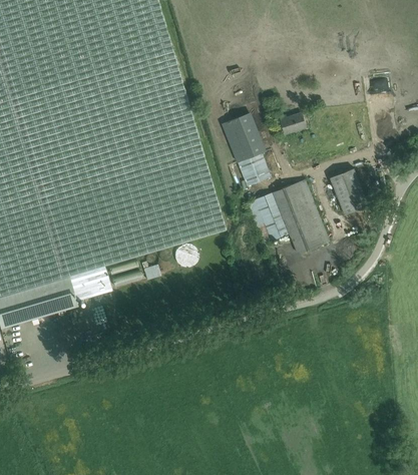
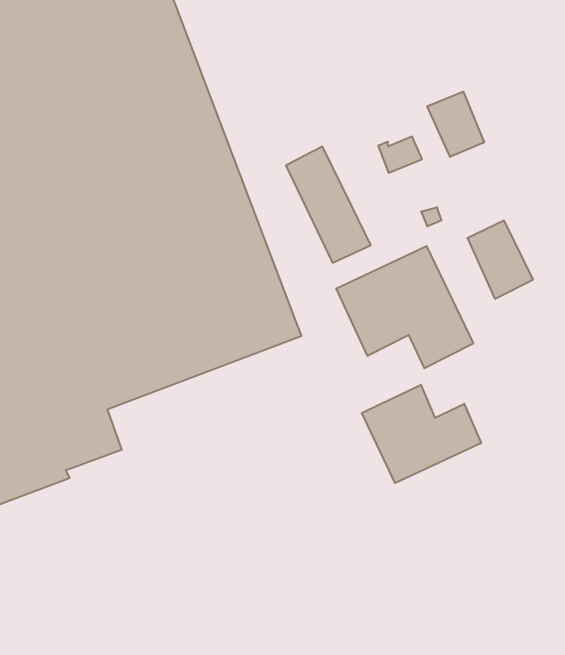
building: none -> [427,92,484,157]
building: none -> [362,385,481,483]

